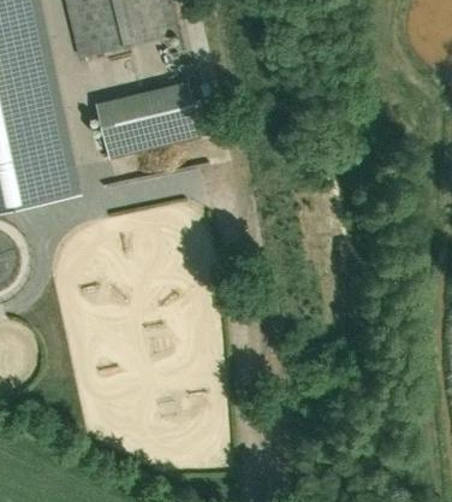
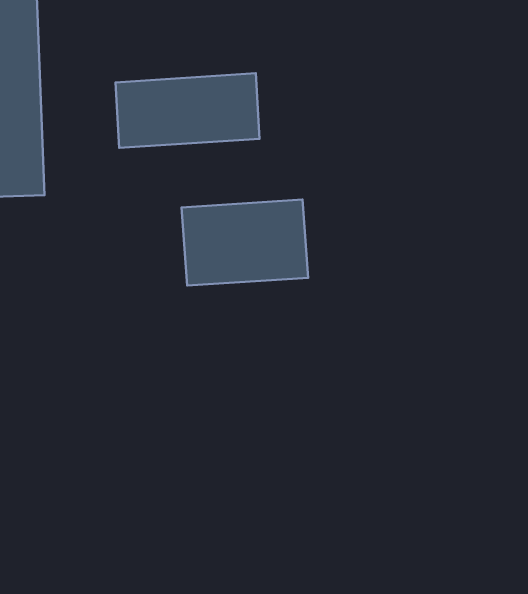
building: none -> [182,200,308,286]

